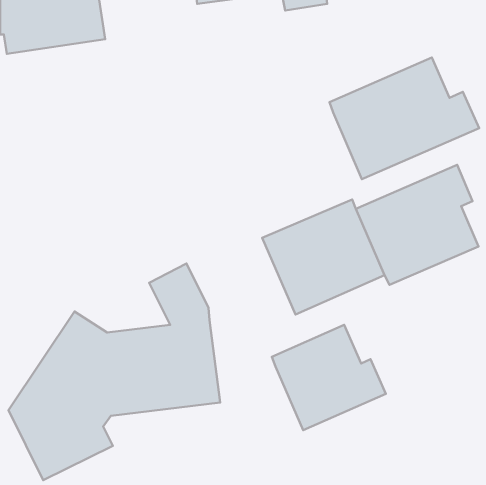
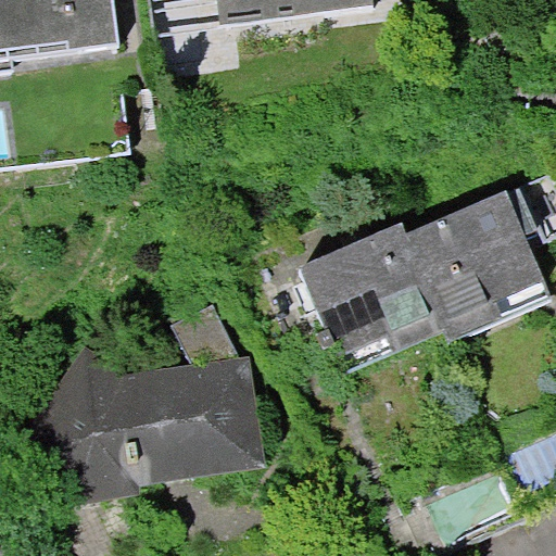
building: [329,57,479,179] -> none
building: [272,325,386,430] -> none

